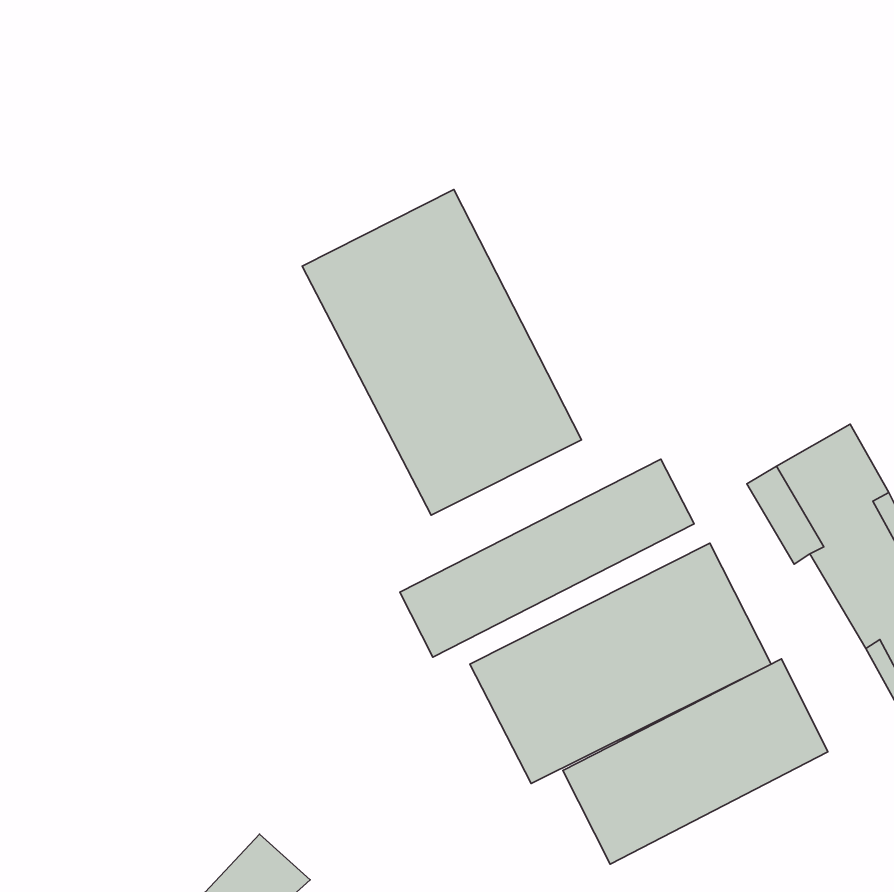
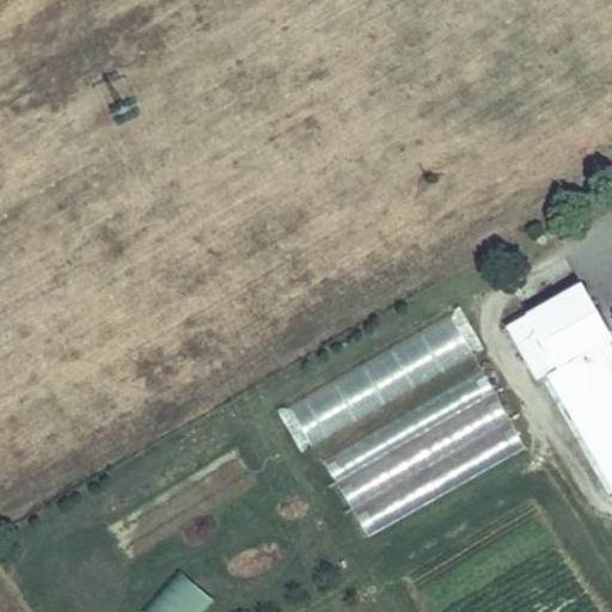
building: [302,189,582,515] -> none
building: [563,659,828,864] -> none

